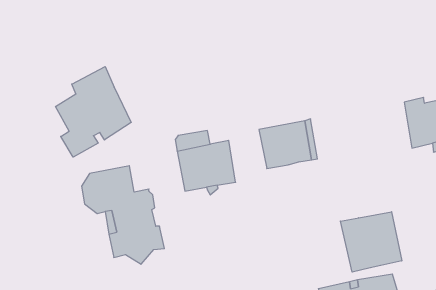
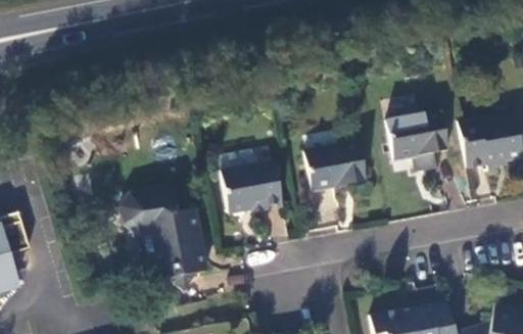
building: [56,67,131,157] -> none
building: none -> [386,112,447,162]
building: [340,212,402,272] -> none

